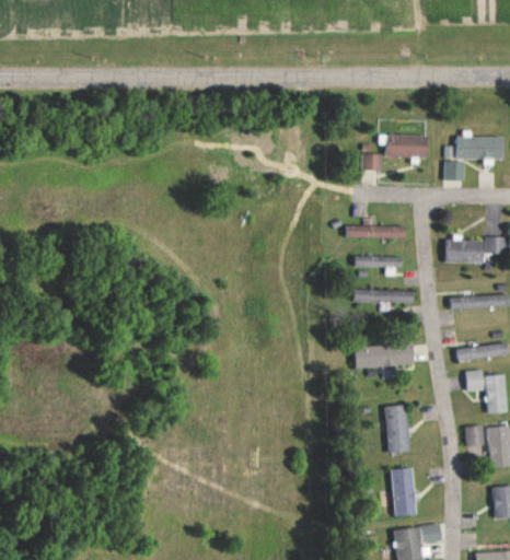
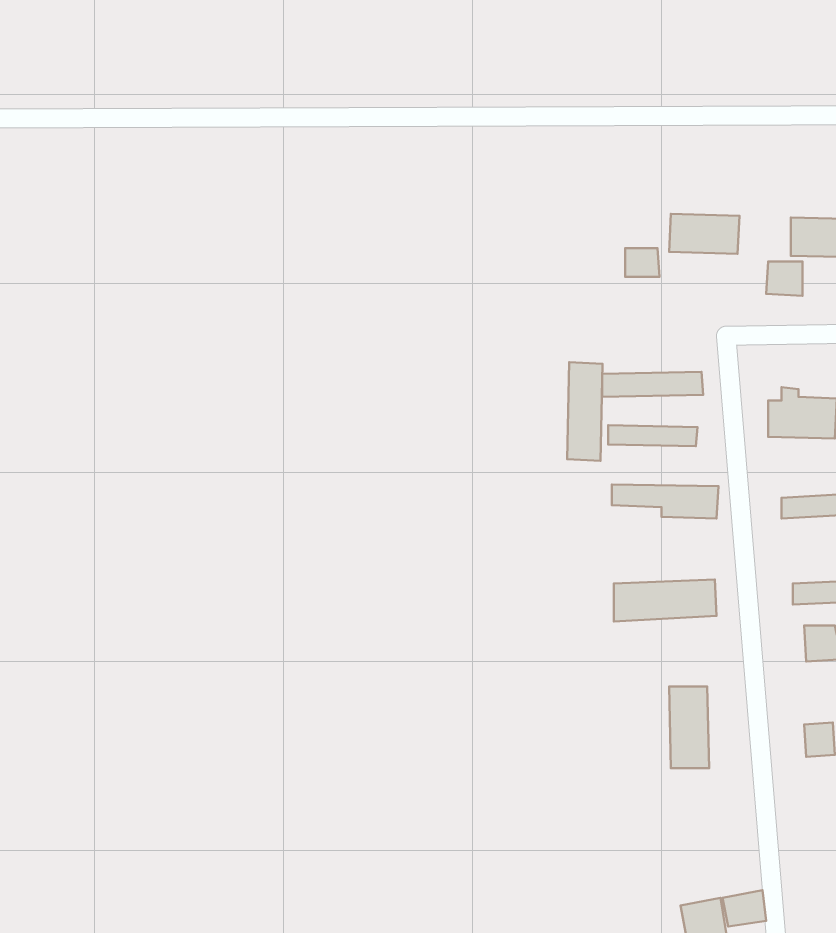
building: none -> [567,362,603,461]
building: [393,468,415,516] -> none

